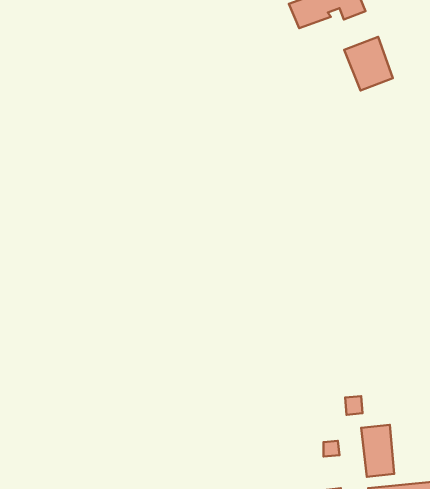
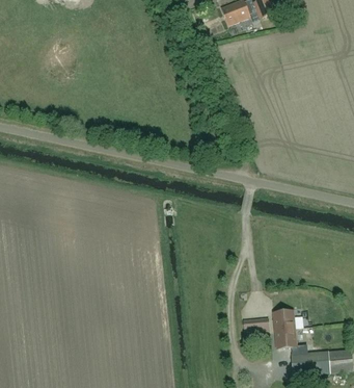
building: [344,37,393,90] -> none

